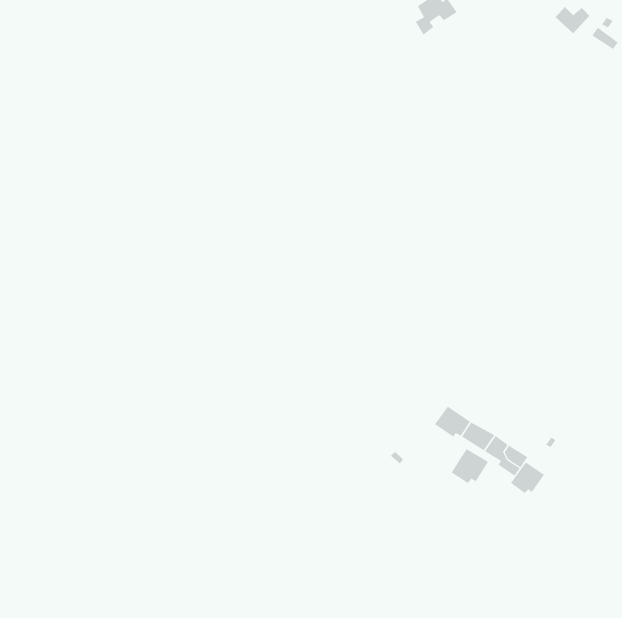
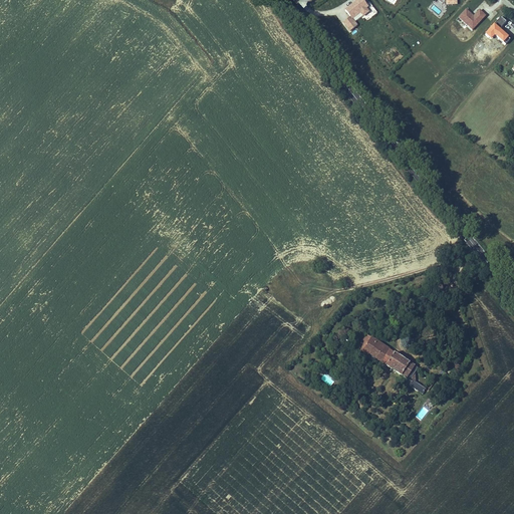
building: [451,448,489,484] -> none
building: [510,461,545,494] -> none

